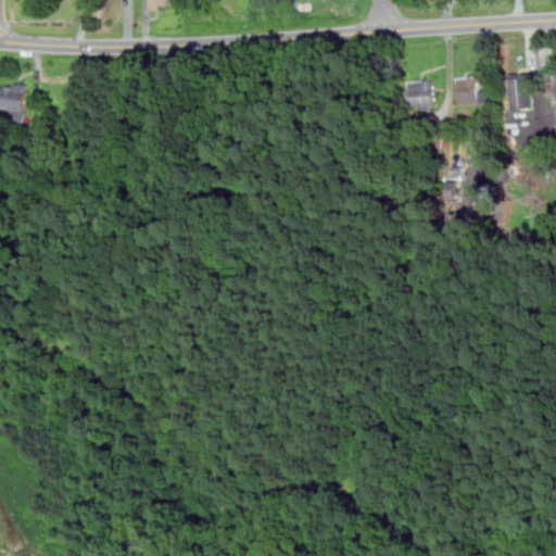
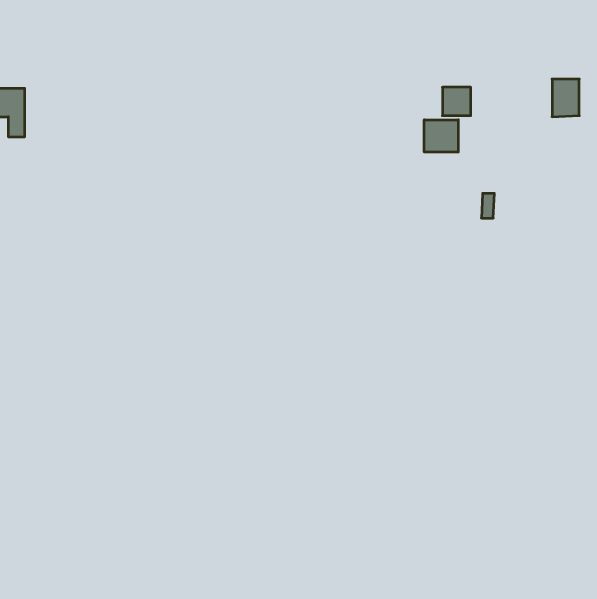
building: [455,79,480,105] -> none
building: none -> [424,120,458,152]

